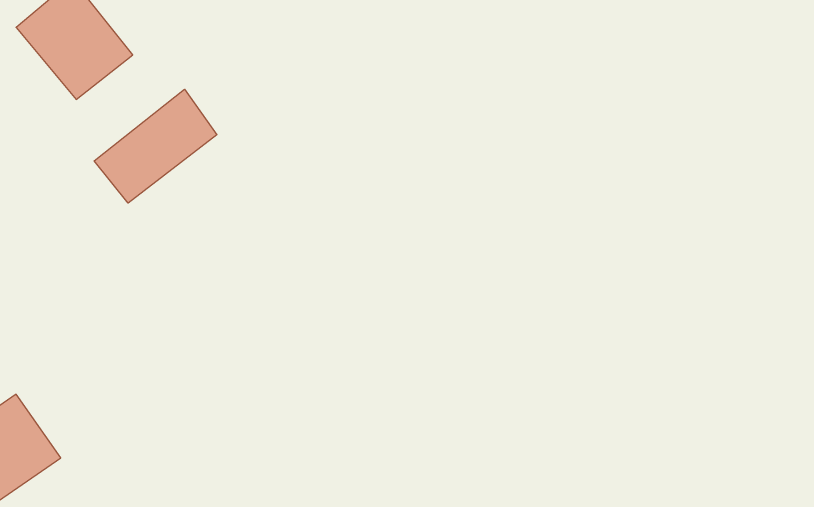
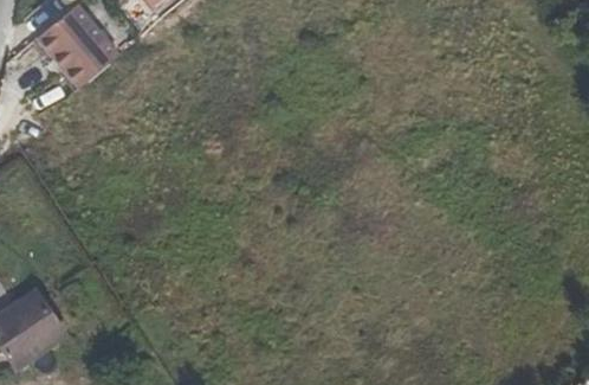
building: [94,89,217,203] -> none

